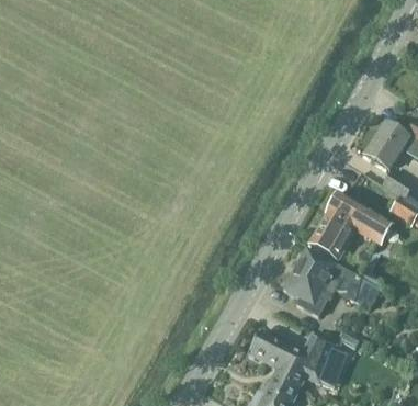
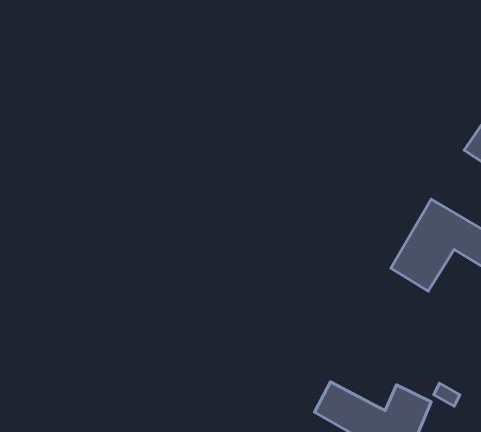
building: [282,246,362,317] -> none

